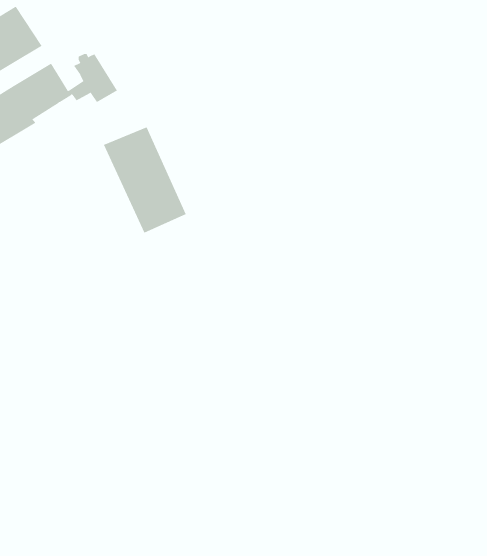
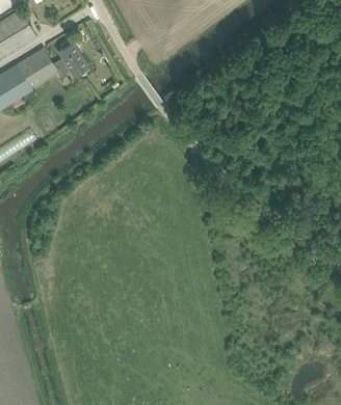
building: [103,126,187,233] -> none

